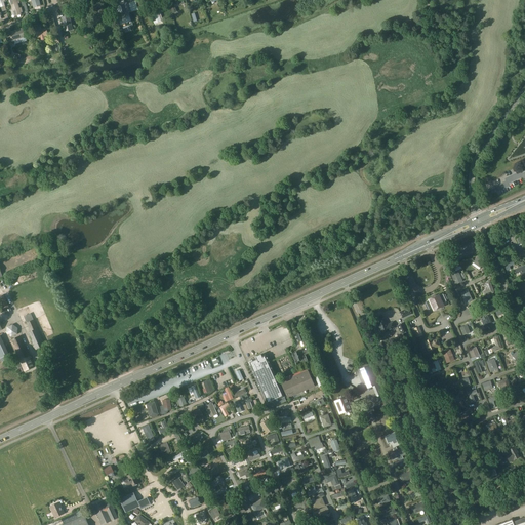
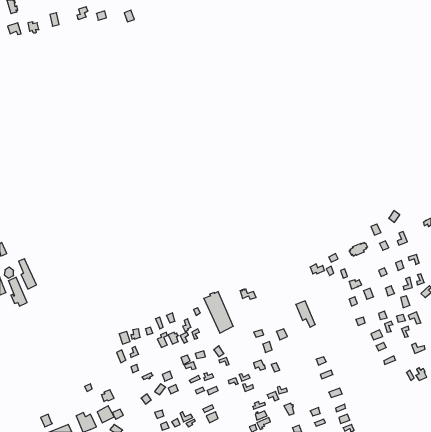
building: [280,372,311,397] -> none

